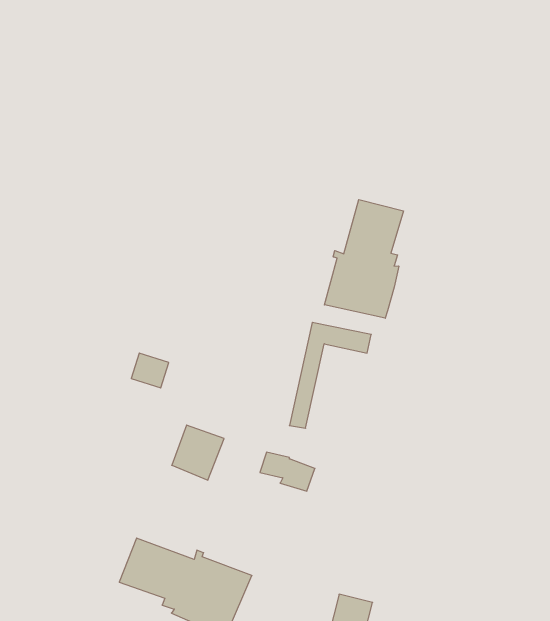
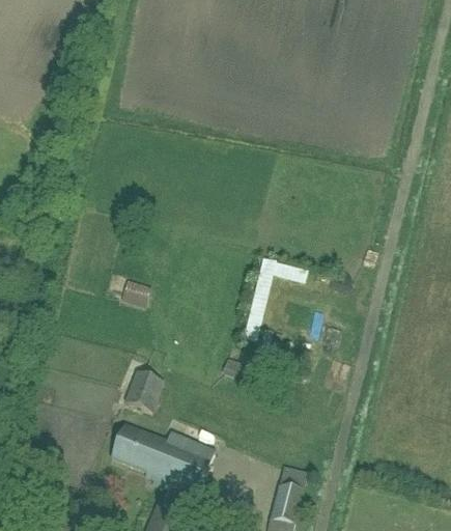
building: [324,200,403,318] -> none
building: [172,425,224,480] -> [123,369,164,412]

